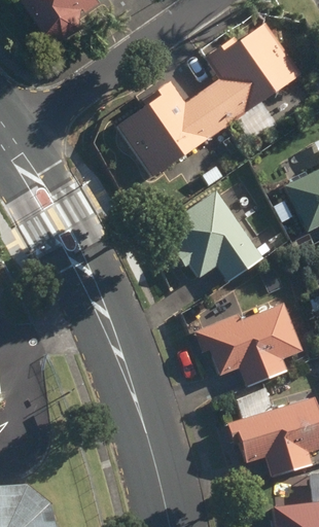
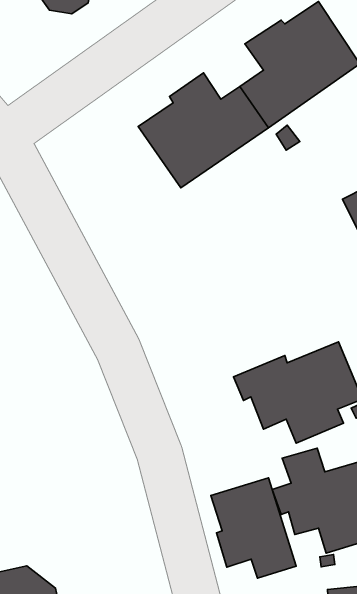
building: [165,189,263,281] -> none
building: none -> [211,478,296,578]

